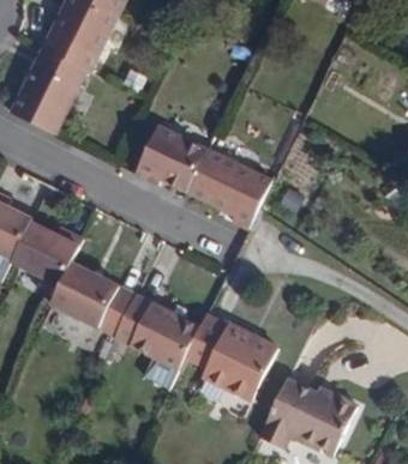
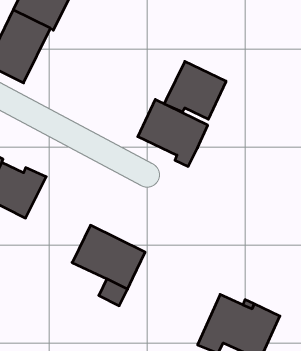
building: [138,126,210,193] -> [164,61,226,119]
building: [49,264,136,338] -> none
building: [184,319,276,399] -> none

